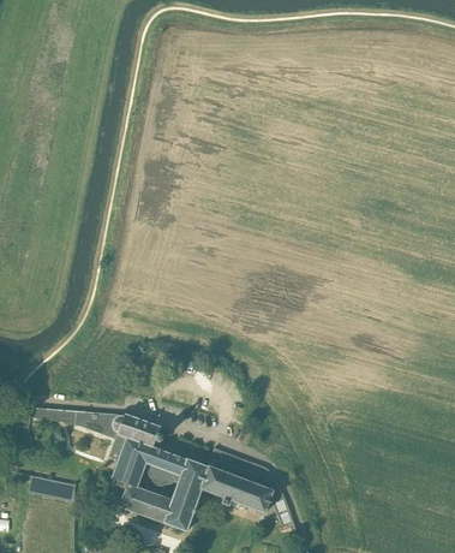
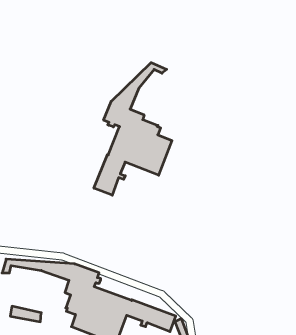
building: none -> [94,63,172,195]

